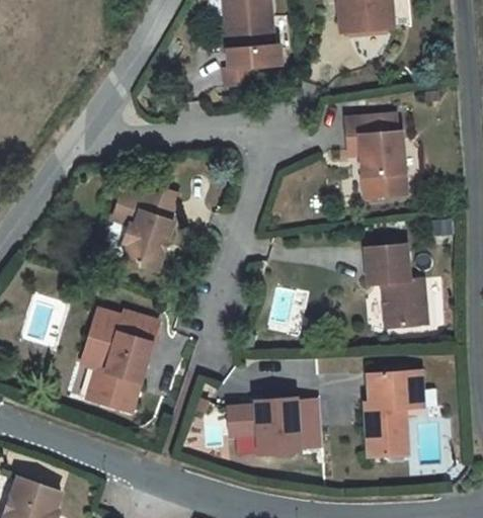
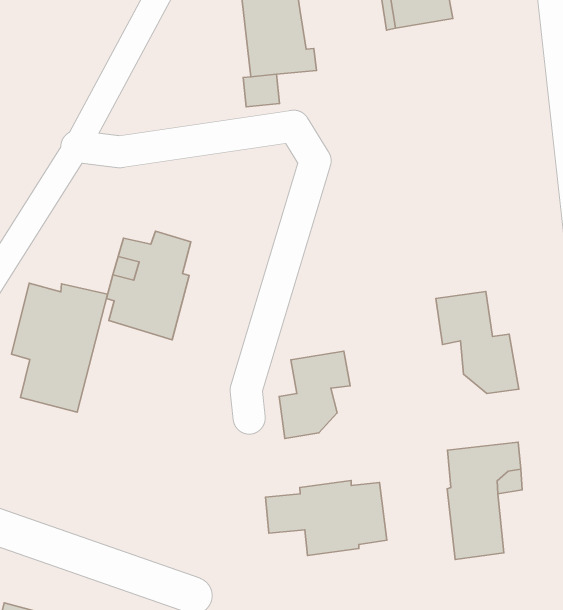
building: [343,117,405,201] -> none
building: none -> [279,351,350,438]
building: [79,309,157,412] -> [12,283,107,412]

